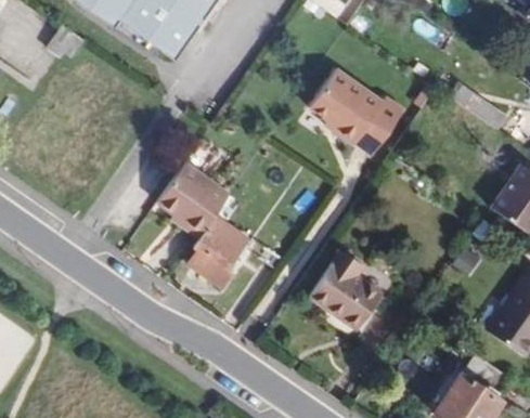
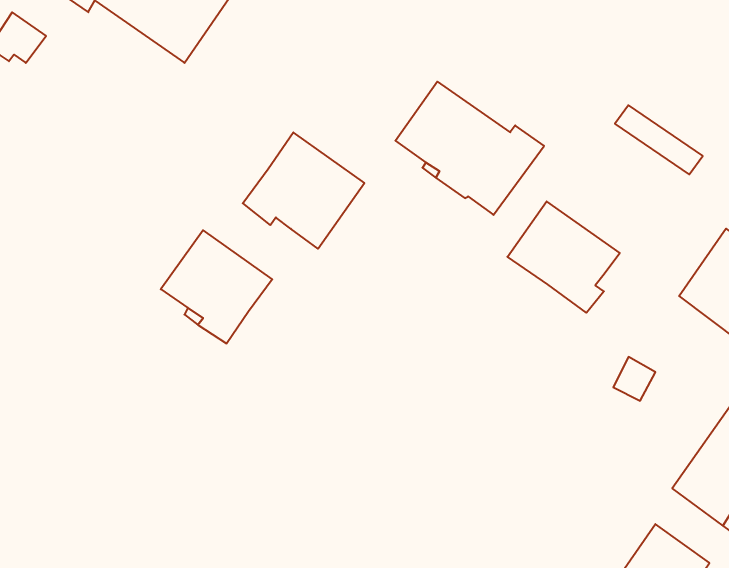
building: none -> [243,132,364,249]
building: none -> [507,201,620,313]
building: [189,217,247,287] -> none
building: [309,252,380,329] -> none

